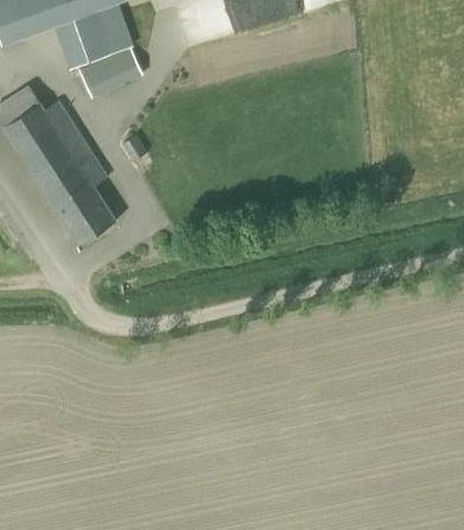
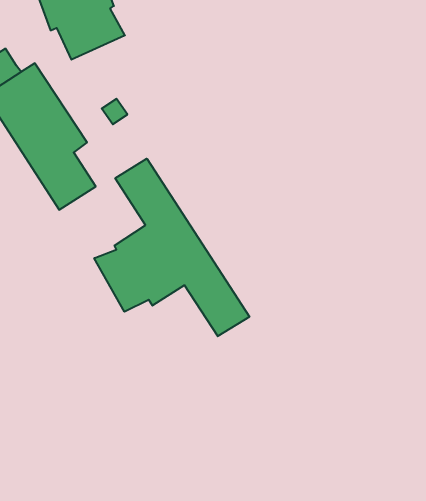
building: none -> [94,159,249,336]

